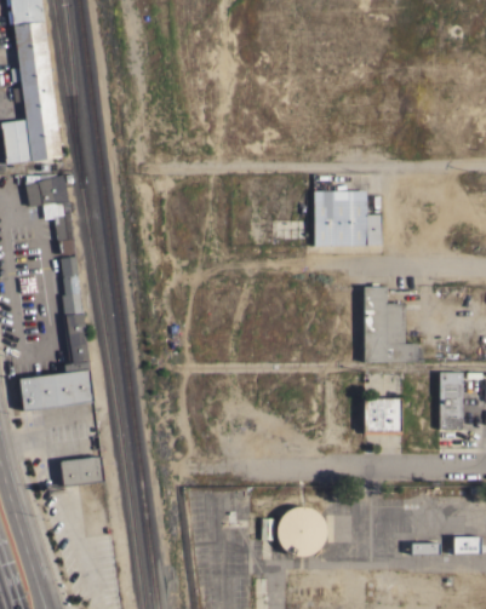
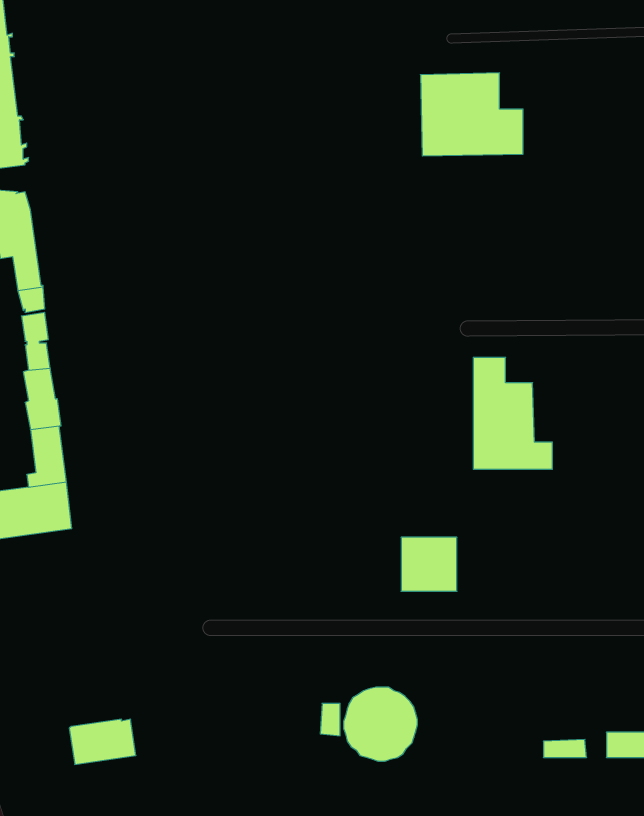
building: [313,190,382,246] -> [420,73,523,156]
building: [439,372,462,429] -> none
building: [364,398,401,435] -> [401,537,457,591]
building: [59,456,104,487] -> [69,719,136,764]

